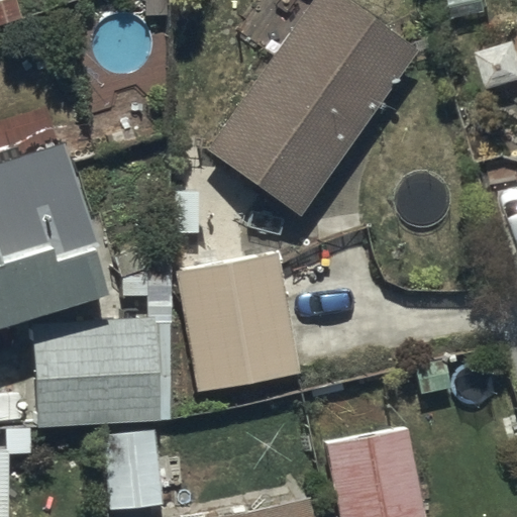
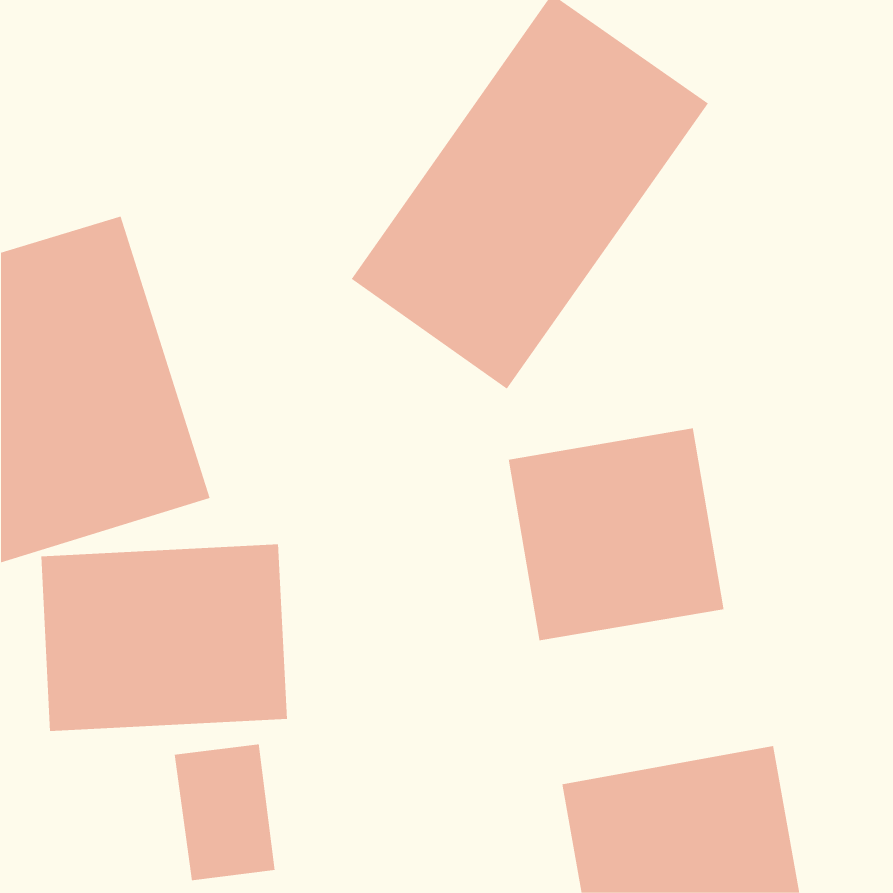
building: none -> [508,428,724,641]
building: [174,260,296,396] -> none

